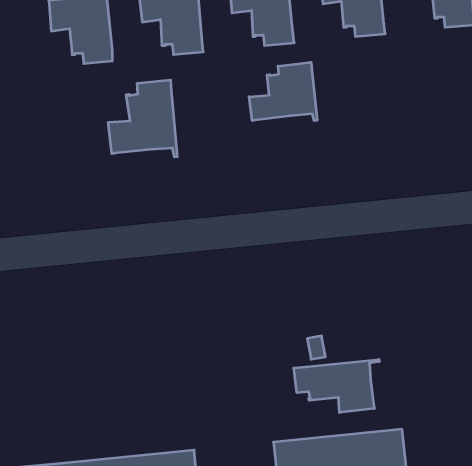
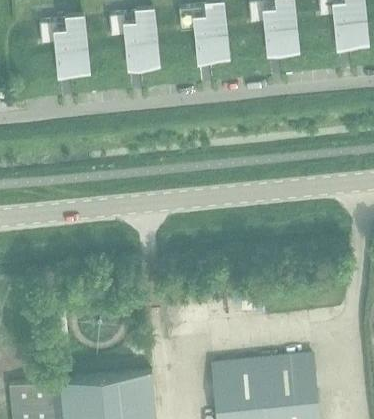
building: [249,62,317,121] -> none
building: [108,80,177,157] -> none
building: [294,359,379,413] -> none

